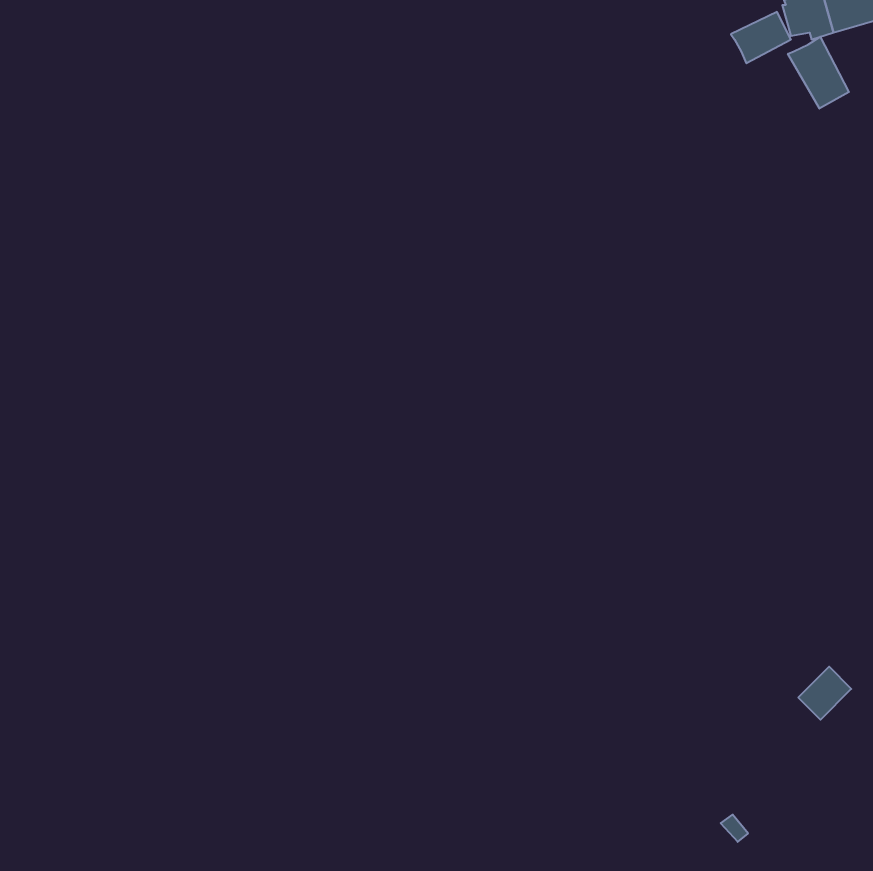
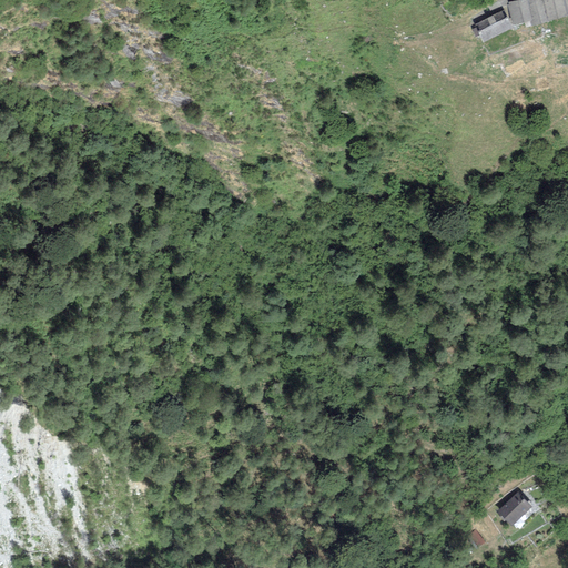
building: [788,37,849,109] -> none
building: [798,667,851,720] -> [498,490,532,525]

